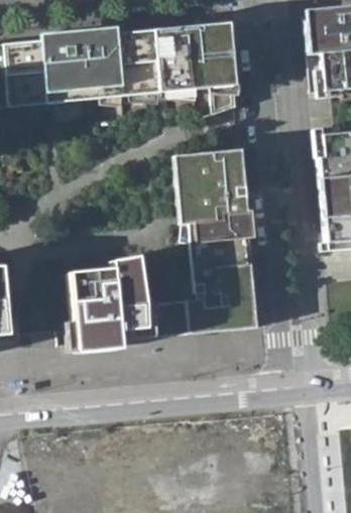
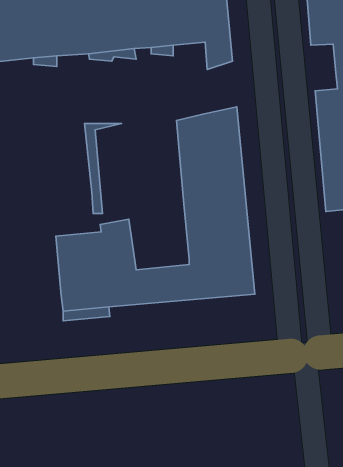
building: [173,153,209,239] -> [85,124,122,214]

